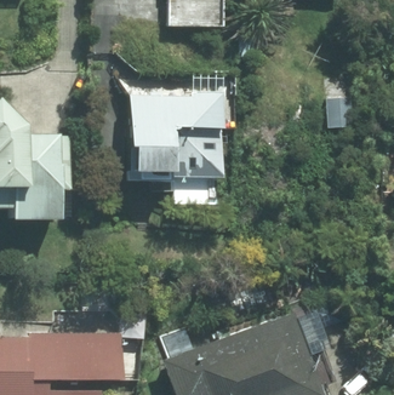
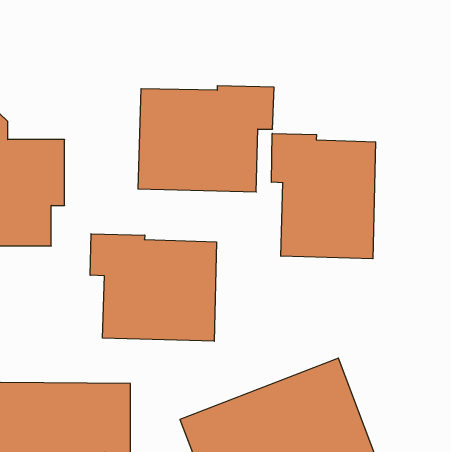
building: none -> [271,133,376,259]
building: none -> [90,234,216,341]

